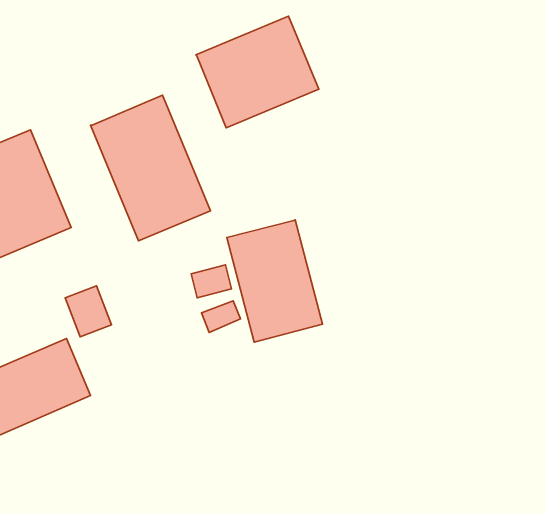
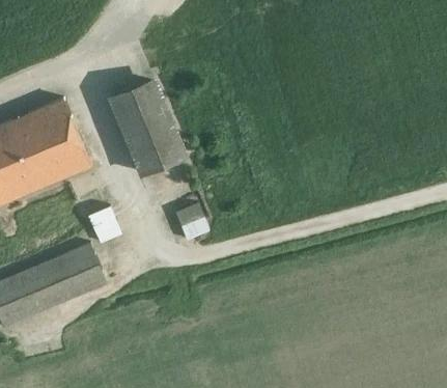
building: [196,16,319,128] -> none
building: [227,220,322,342] -> none

